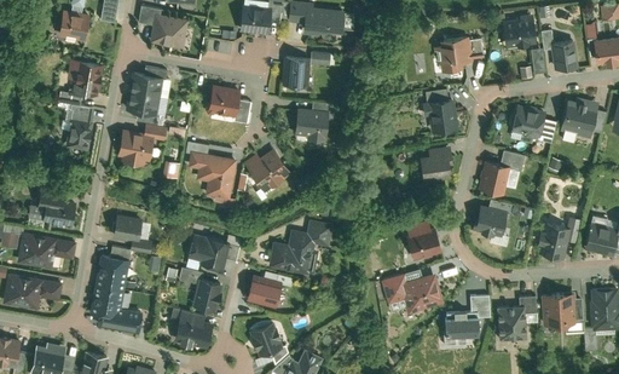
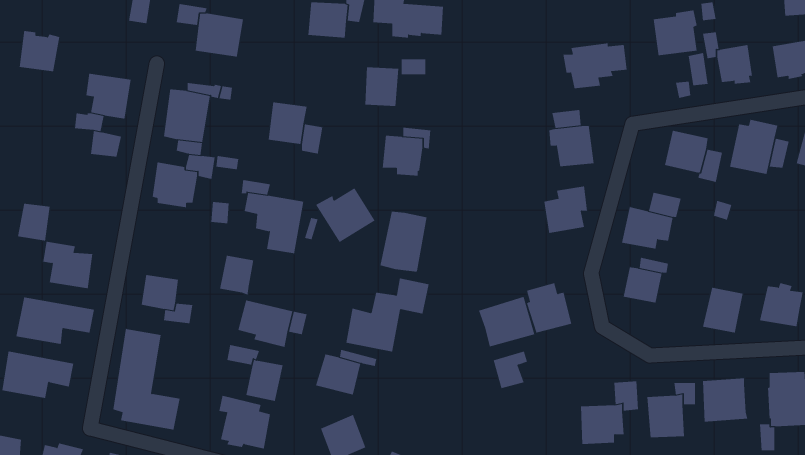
building: [60,10,92,41] -> [19,31,60,72]
building: [68,122,93,151] -> [17,203,50,241]
building: none -> [380,211,427,273]
building: none -> [220,255,254,295]
building: [399,272,442,311] -> [478,296,535,347]

